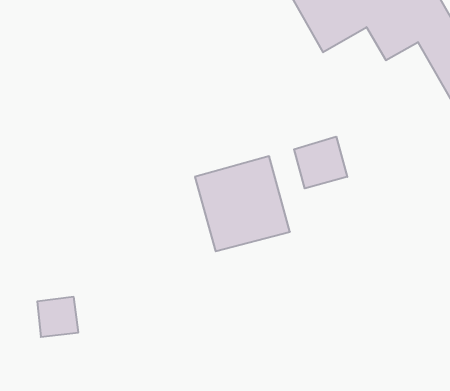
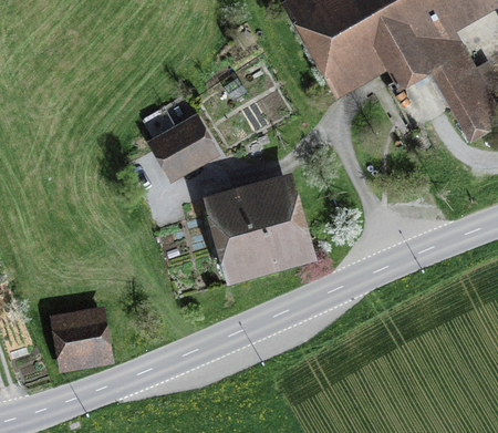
building: none -> [153,121,212,175]
building: [294,137,347,188] -> none

